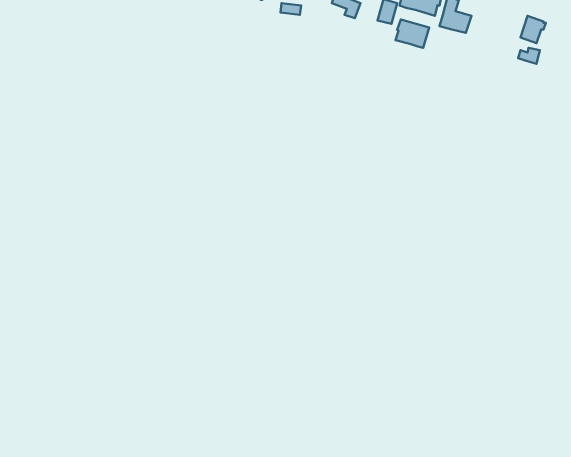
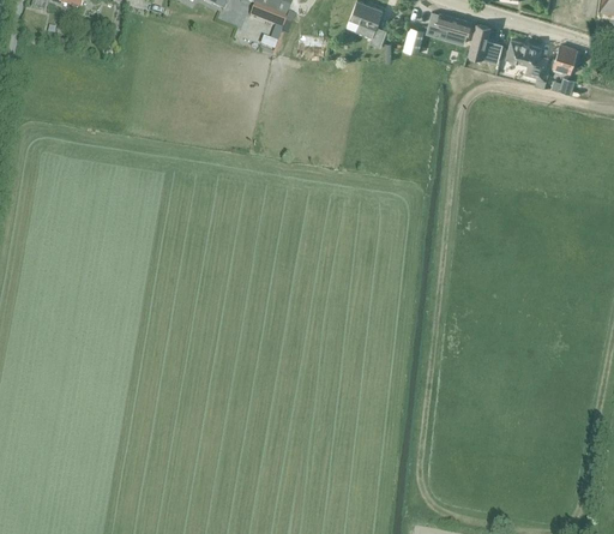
building: none -> [507,40,549,78]
building: [395,20,429,48] -> none

